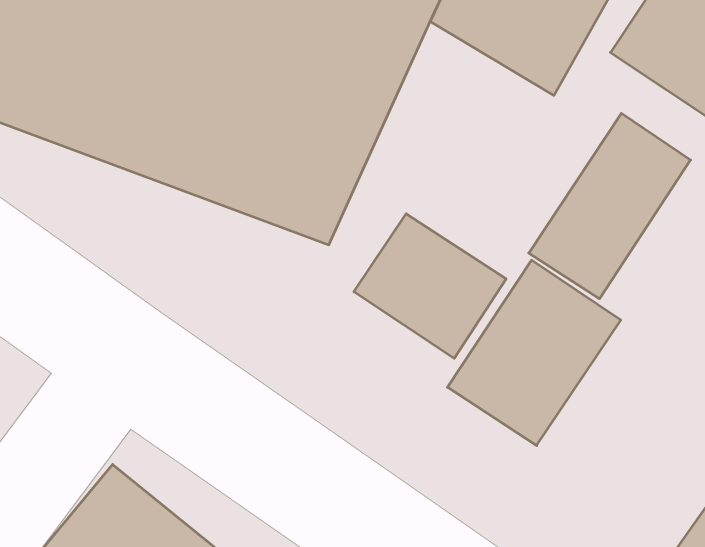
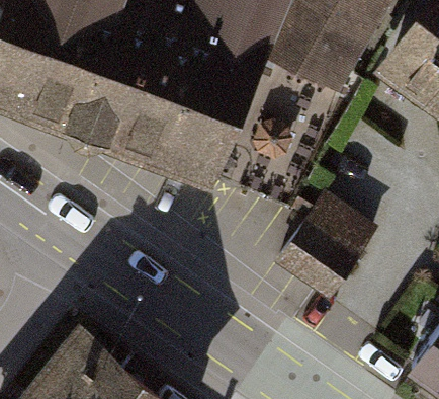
building: [529,113,691,299] -> none
building: [354,214,506,358] -> none

